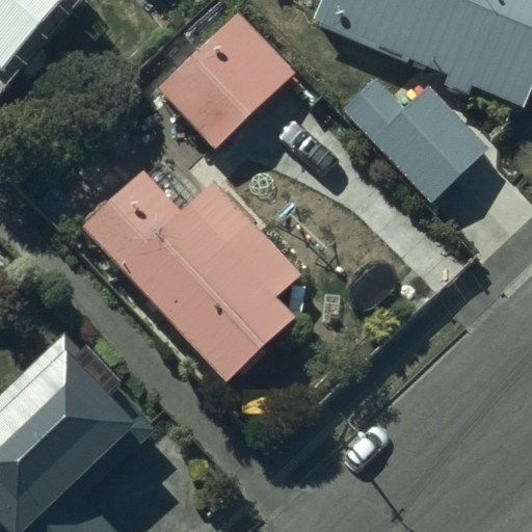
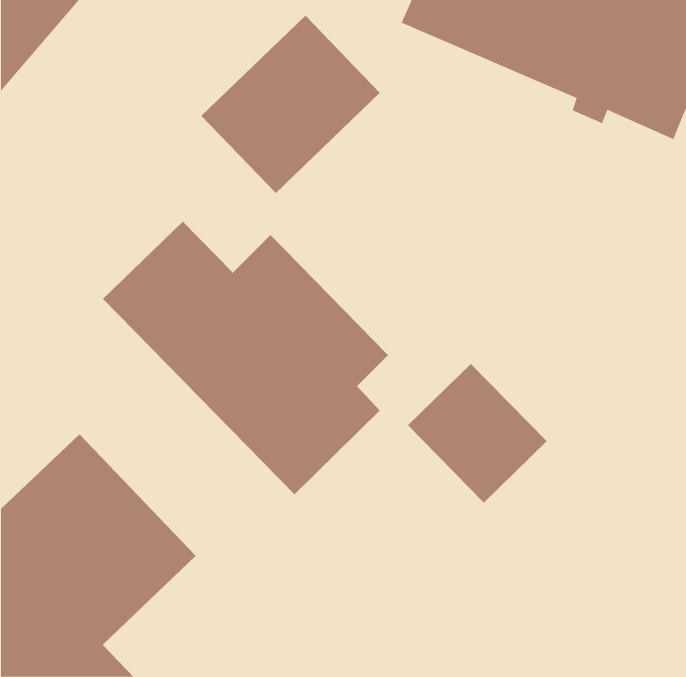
building: [341,77,486,202] -> none
building: none -> [407,363,547,503]

